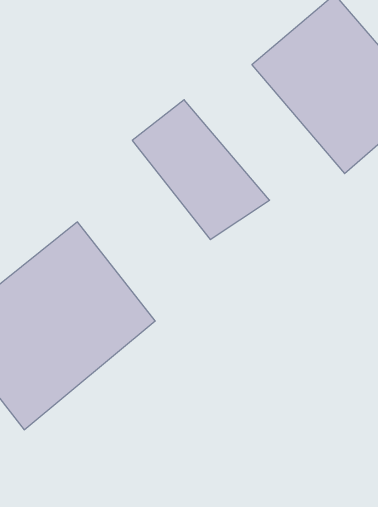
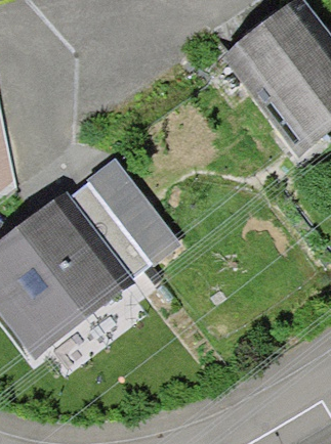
building: [132,100,270,240] -> [77,152,191,268]

